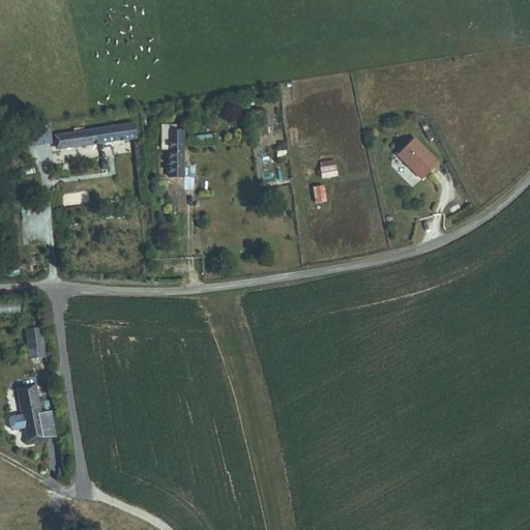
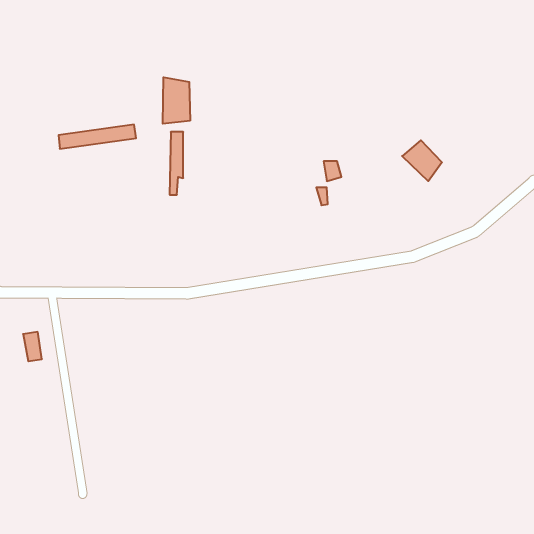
building: none -> [163,77,190,124]
building: [18,384,56,440] -> none

